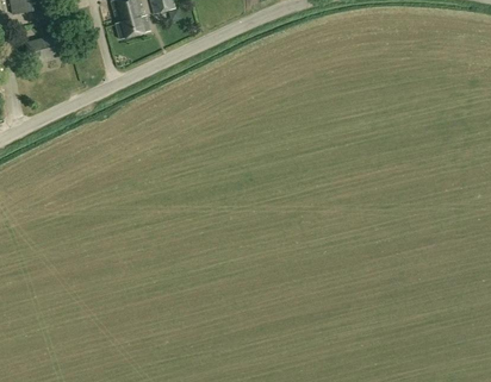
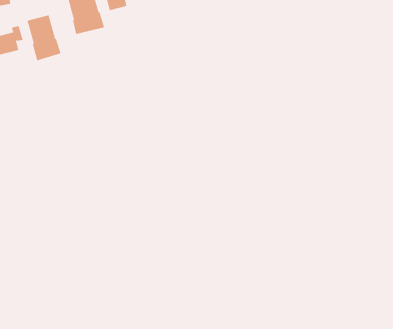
building: none -> [27,14,61,61]

